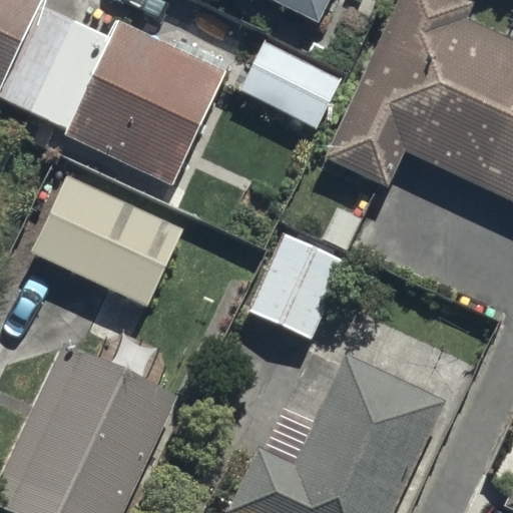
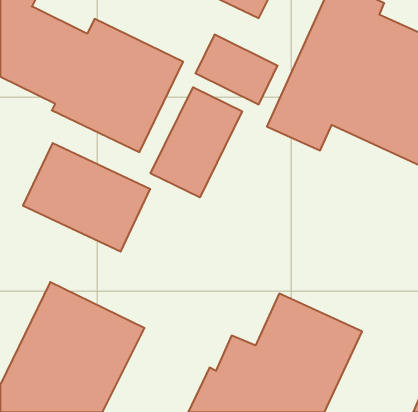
building: none -> [151,87,242,197]
building: [244,232,344,336] -> none

